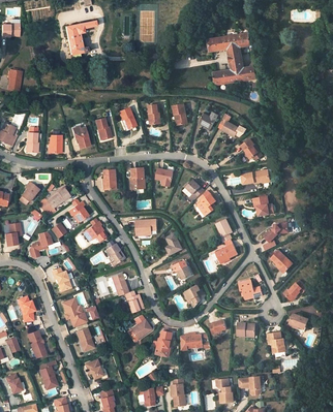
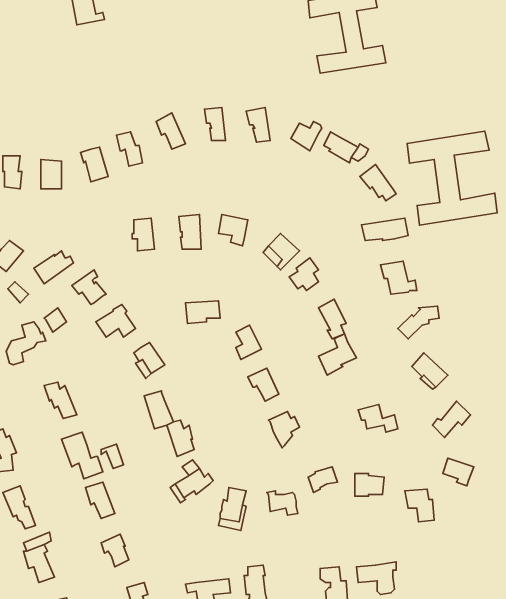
building: none -> [407,131,497,225]

